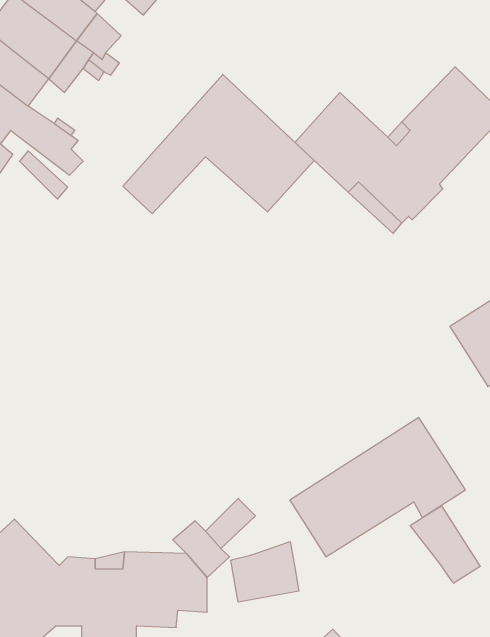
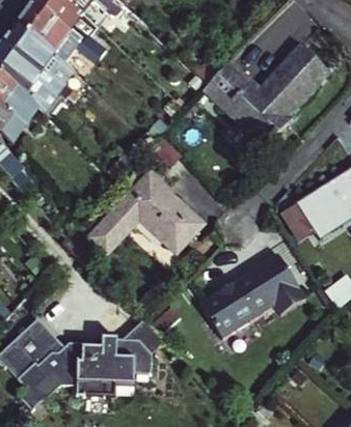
building: [123,74,314,214] -> [90,170,206,254]
building: [410,506,480,583] -> none
building: [231,542,299,602] -> none

